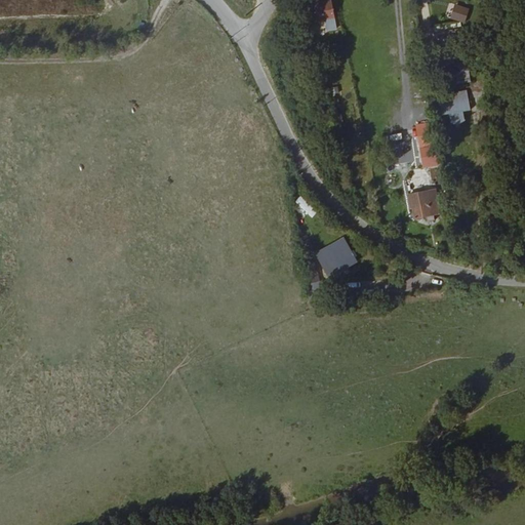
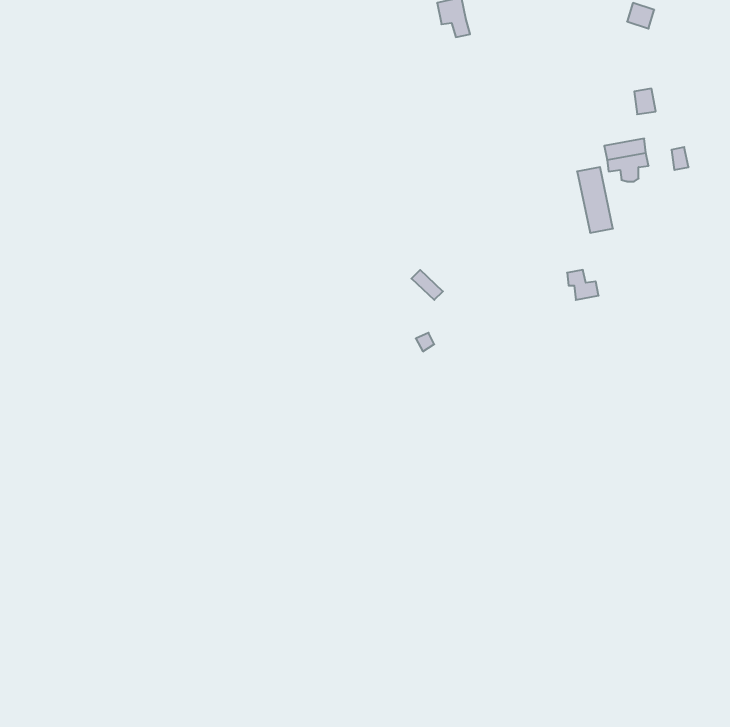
building: [314,239,353,275] -> none

